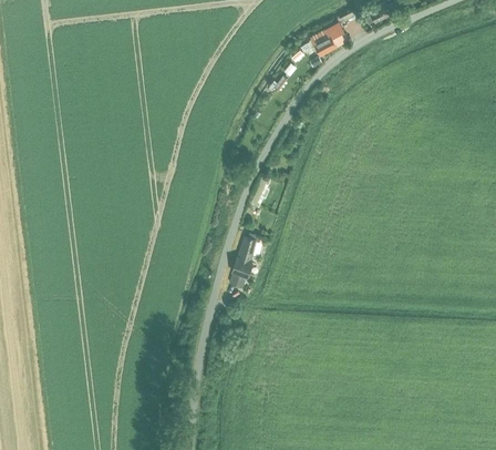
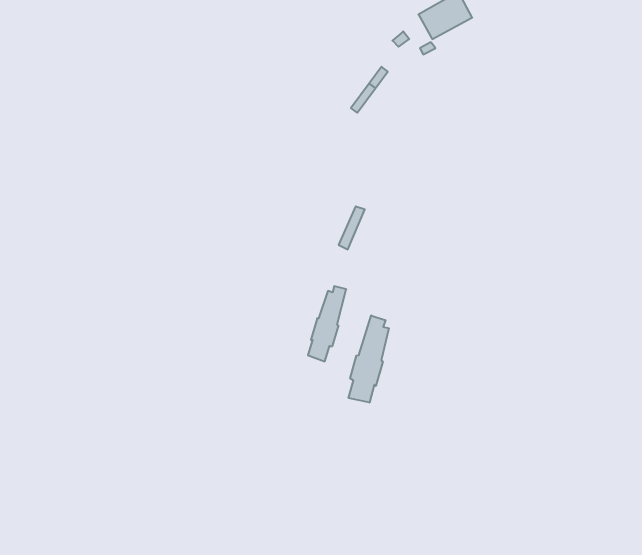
building: none -> [349,315,389,403]

